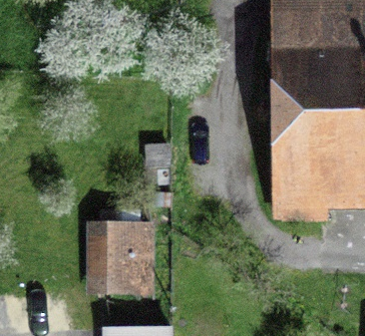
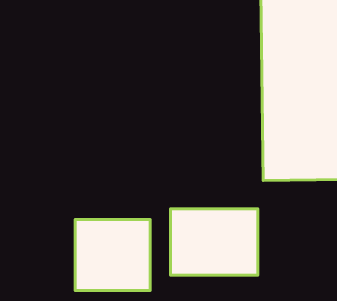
building: none -> [170,209,258,275]

